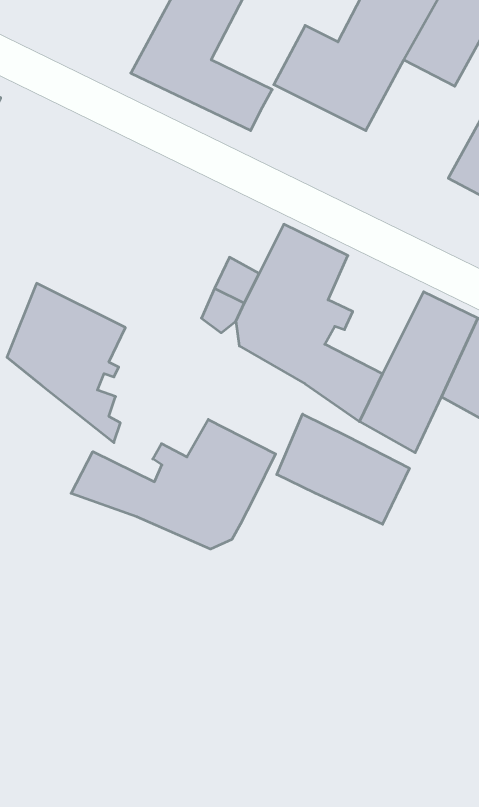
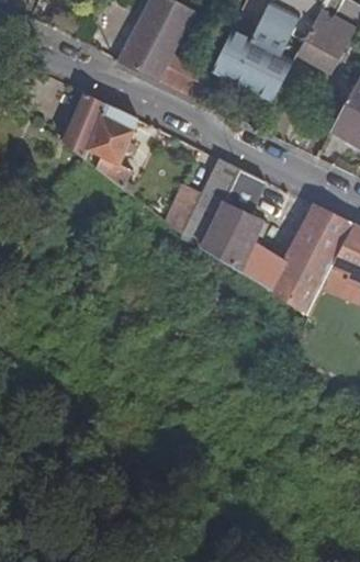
building: [7,283,125,443] -> [65,94,144,201]
building: [277,414,409,524] -> none
building: [71,419,276,549] -> none

